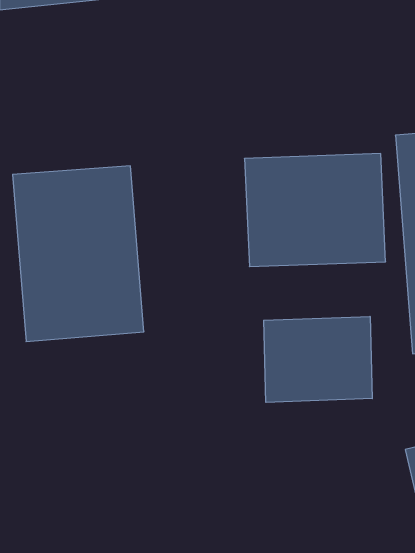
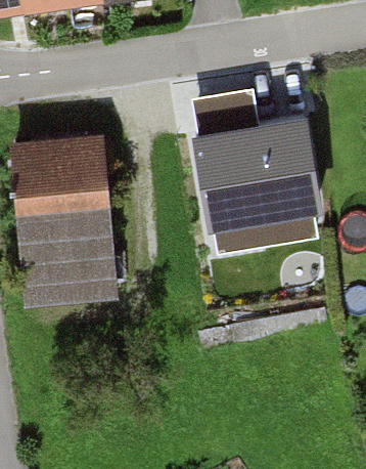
building: [264,316,372,402] -> none

